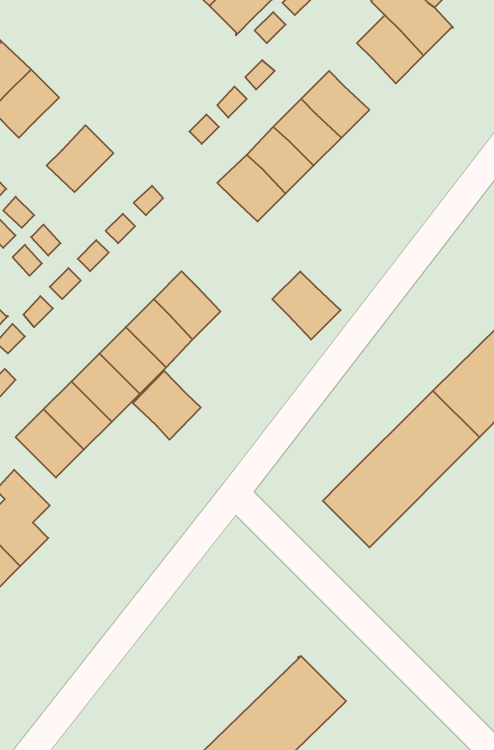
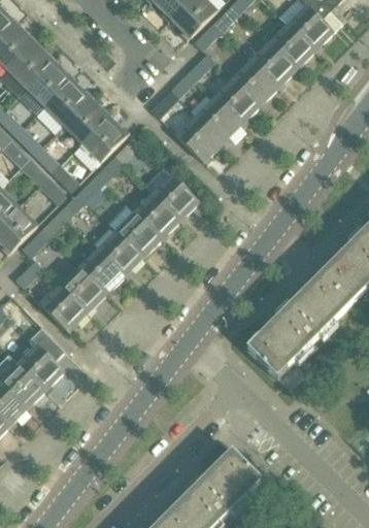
building: none -> [248,42,293,87]
building: none -> [42,78,87,124]
building: none -> [79,116,125,161]
building: [272,271,341,340] -> [150,175,196,221]
building: [133,371,201,440] -> none

